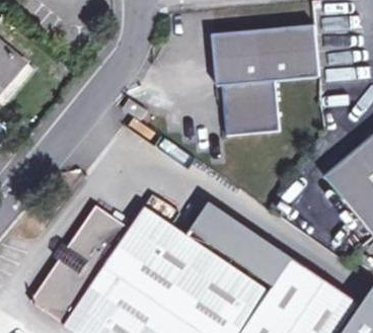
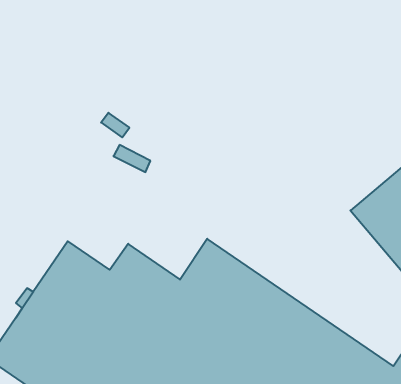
building: [210,25,318,138] -> none

